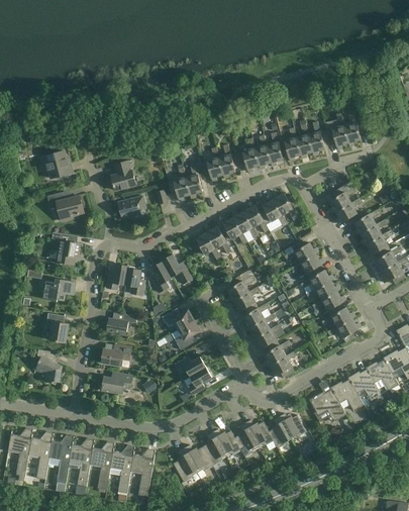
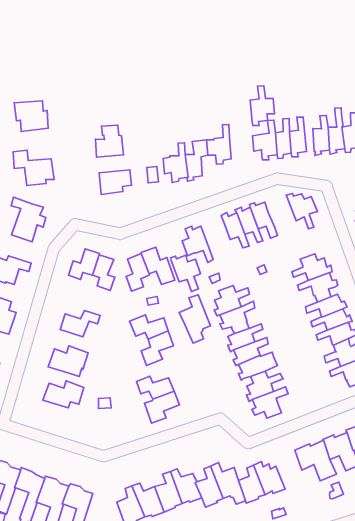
building: [219,143,240,177] -> [250,86,275,126]
building: [260,199,288,230] -> none
building: [206,225,232,253] -> [170,255,201,291]
building: none -> [179,295,210,343]

